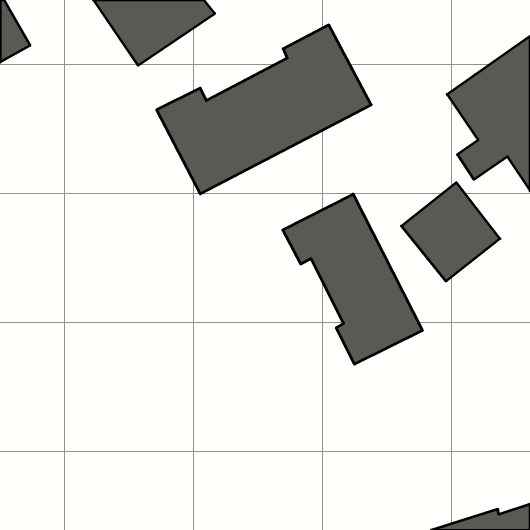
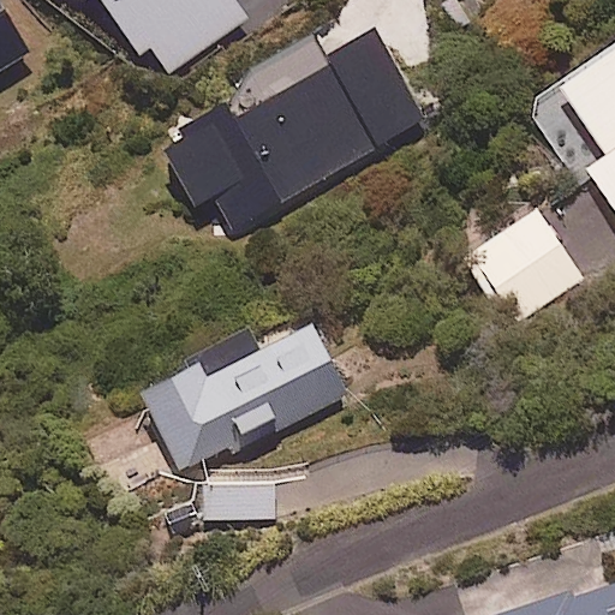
building: [283,194,422,364] -> none
building: none -> [143,320,359,468]

